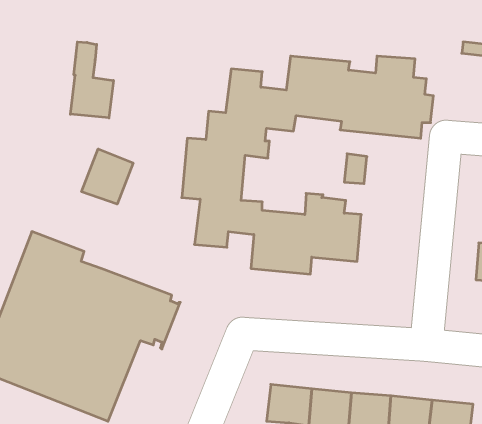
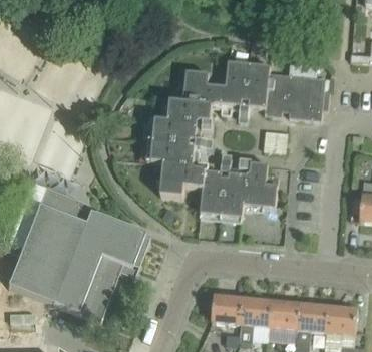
building: [70,42,113,118] -> none
building: [82,149,133,204] -> none

